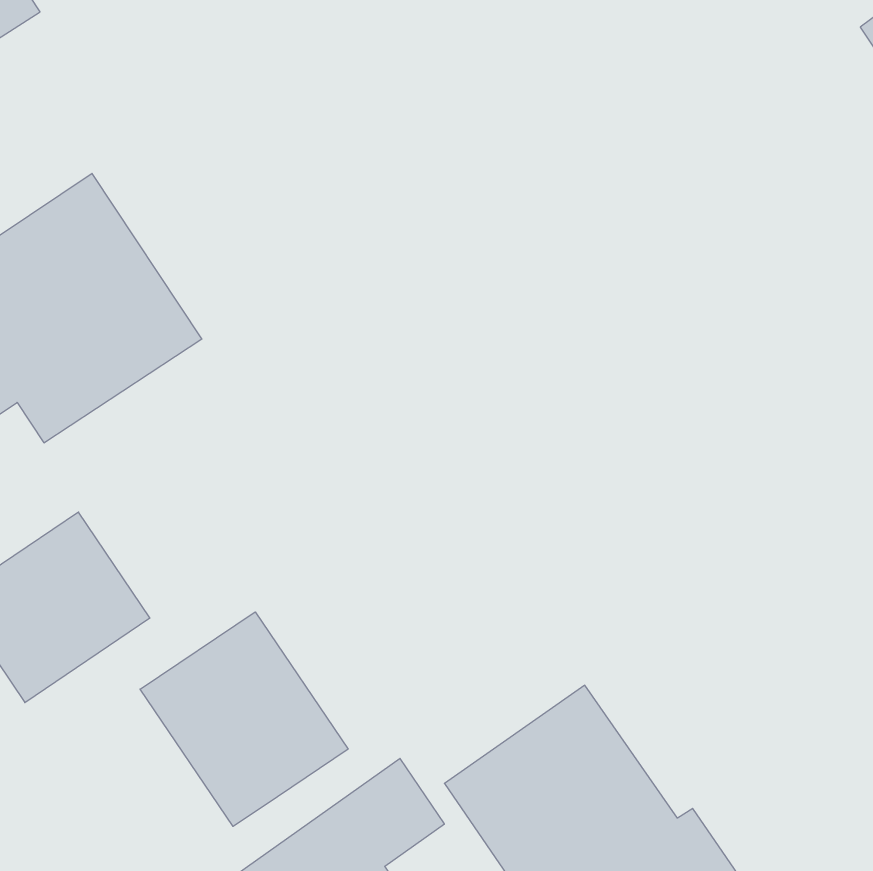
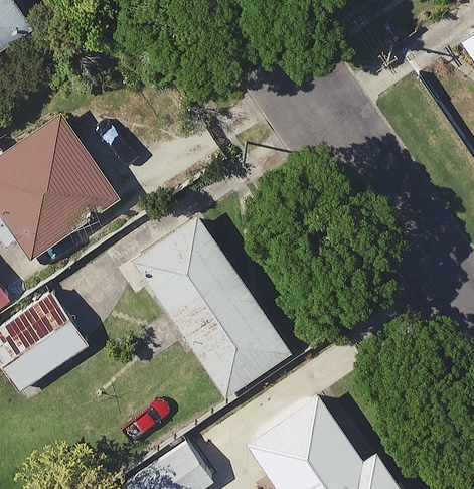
building: none -> [135,216,290,395]
building: [140,612,348,826] -> none

